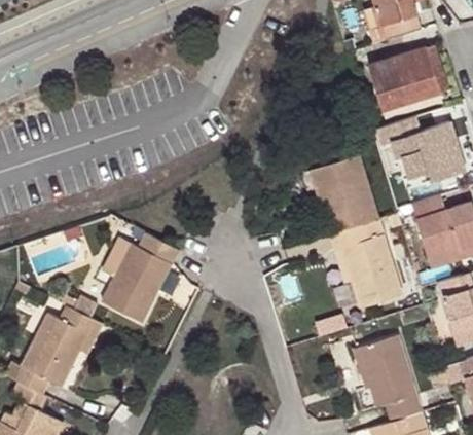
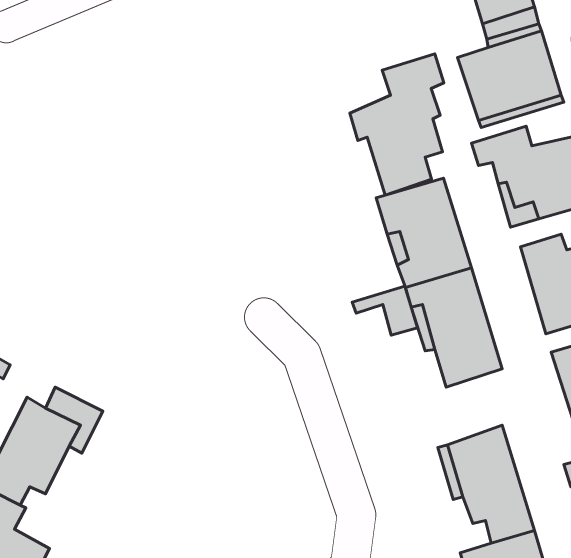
building: none -> [350,54,444,195]
building: none -> [352,286,417,335]
building: [101,233,177,322] -> none

